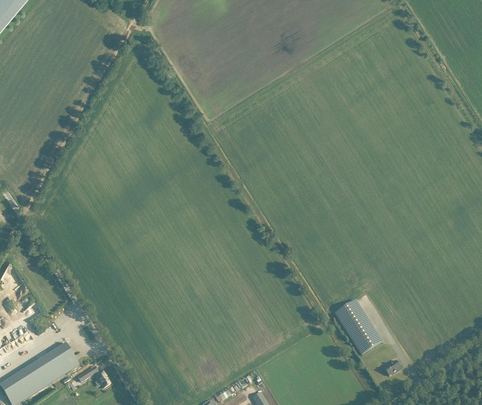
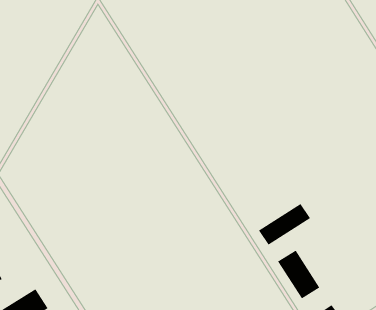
building: none -> [258,203,311,246]

